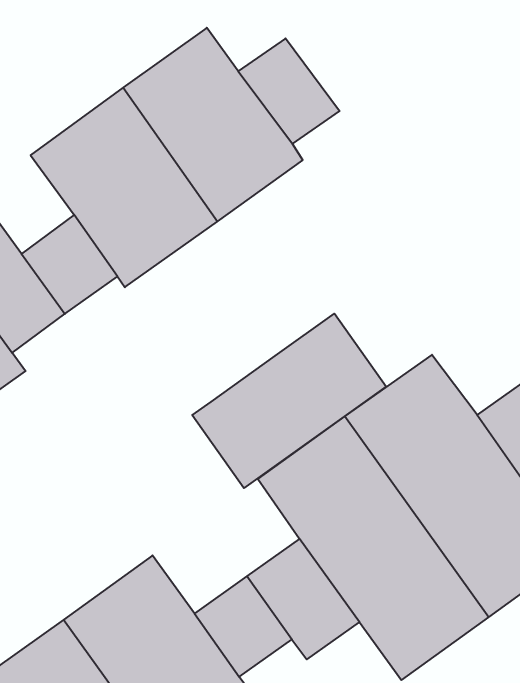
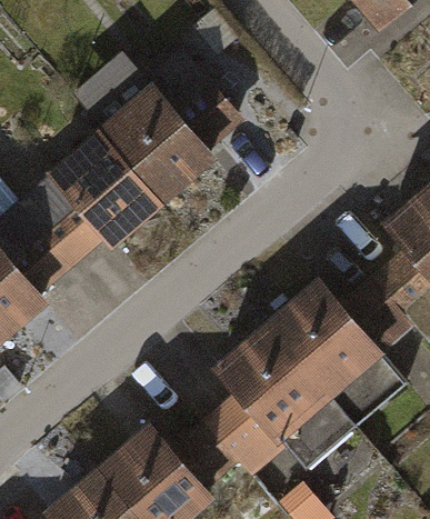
building: [192,314,386,488] -> none

